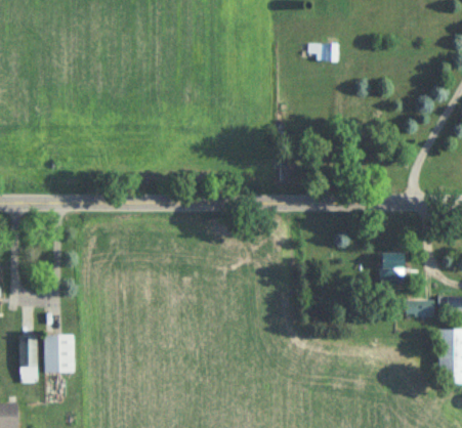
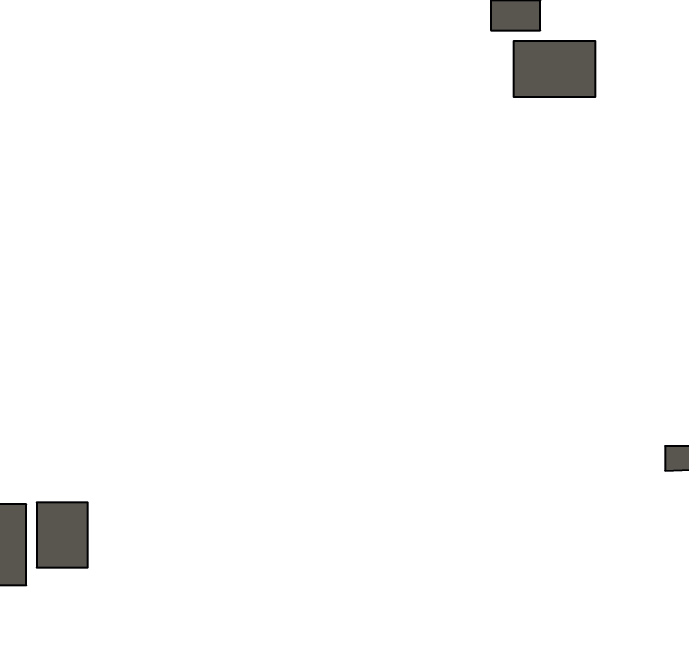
building: none -> [514,41,595,97]
building: [379,252,405,280] -> none

